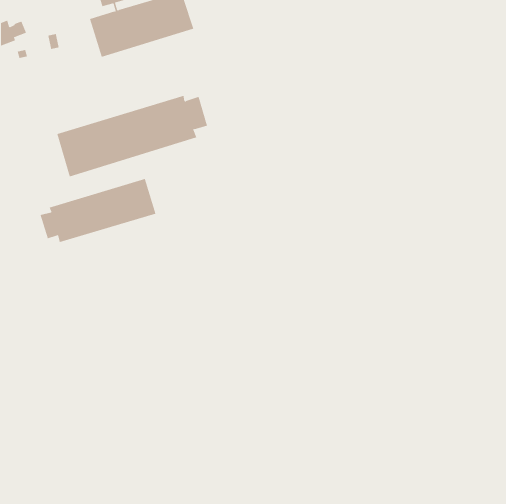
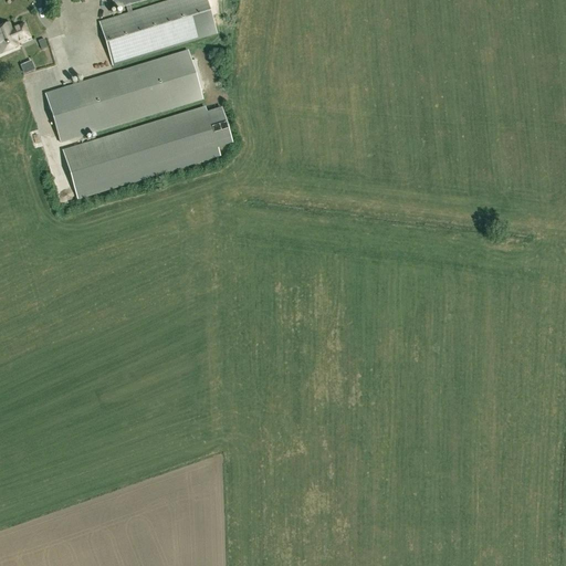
building: none -> [45,50,202,142]
building: [40,178,156,243] -> none

